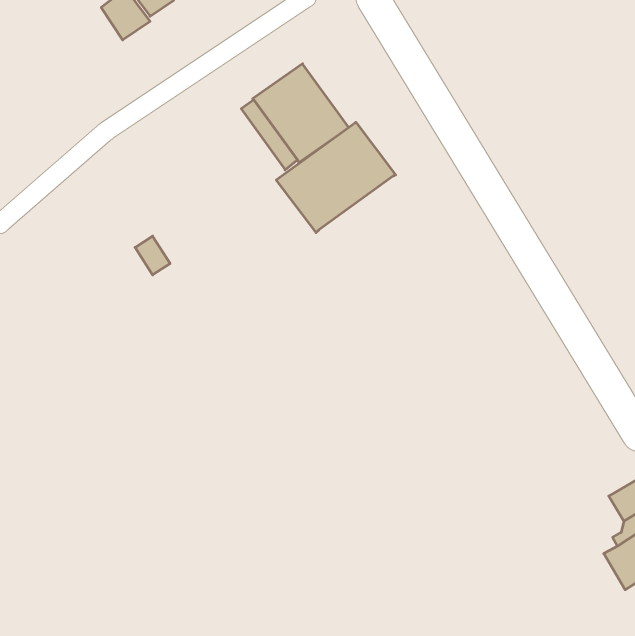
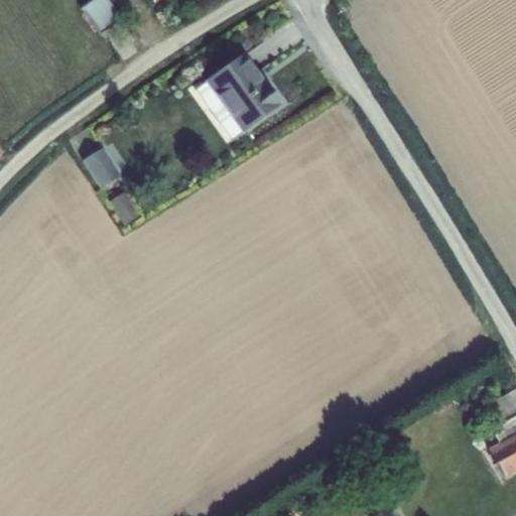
building: [276,122,396,233] -> none
building: none -> [85,145,122,185]

